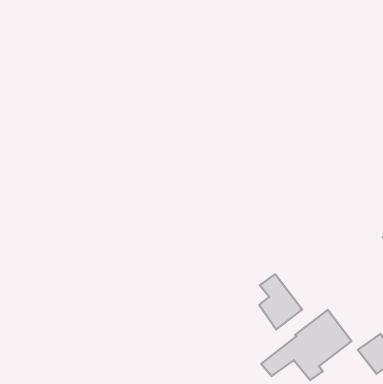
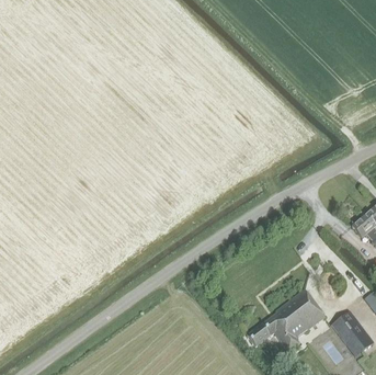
building: [259,274,302,329] -> none

